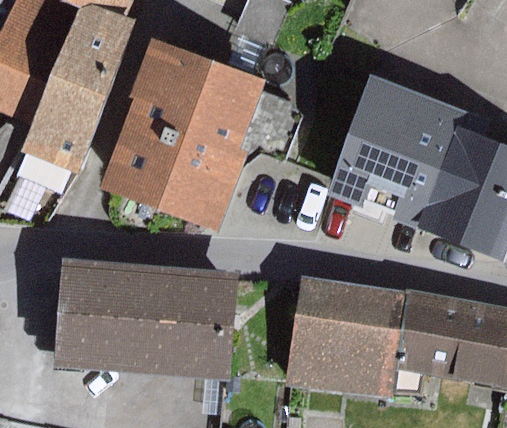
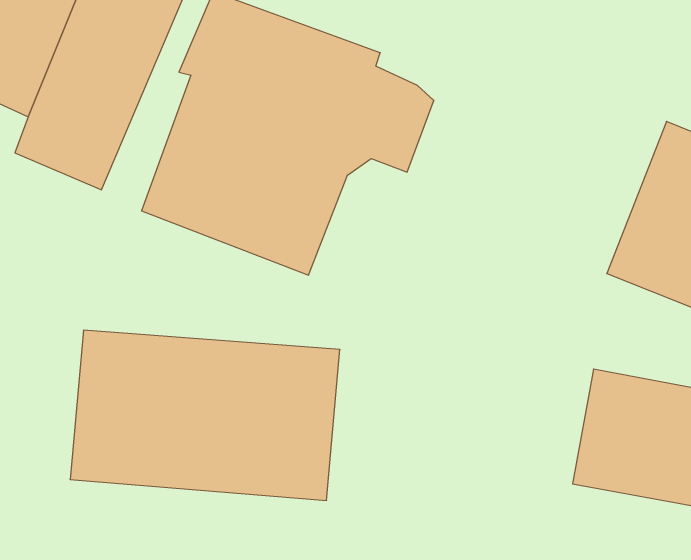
building: [326,76,461,227] -> none
building: [285,275,407,399] -> none

